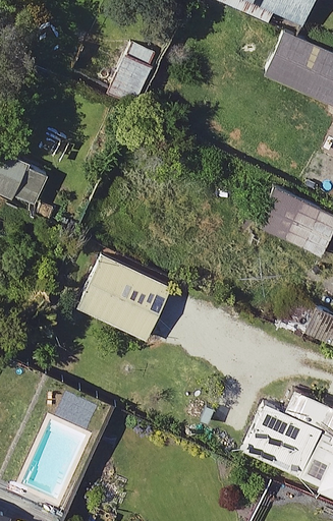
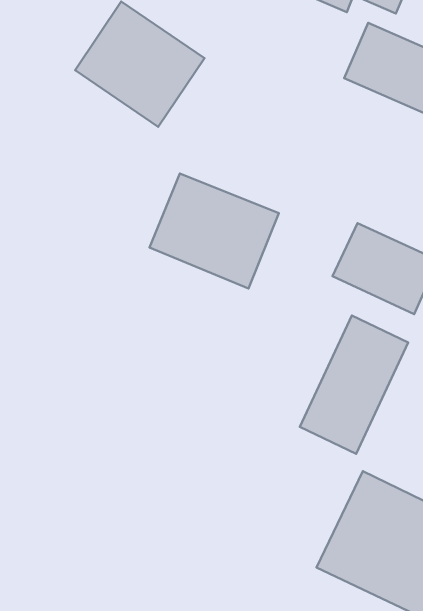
building: [72,253,172,342] -> [149,174,279,288]
building: none -> [300,315,408,454]

